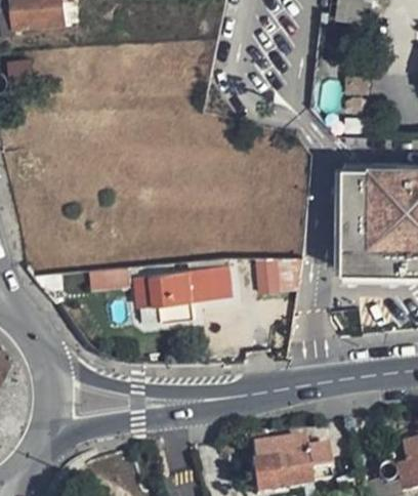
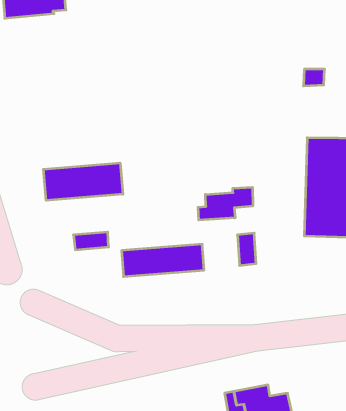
building: none -> [43,163,123,200]
building: none -> [198,187,253,220]

